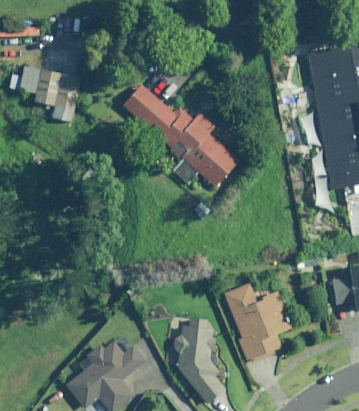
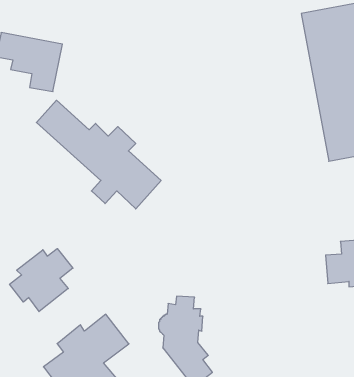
building: [121,85,239,188] -> [36,100,161,209]
building: none -> [10,249,73,312]
building: [223,282,291,366] -> none

